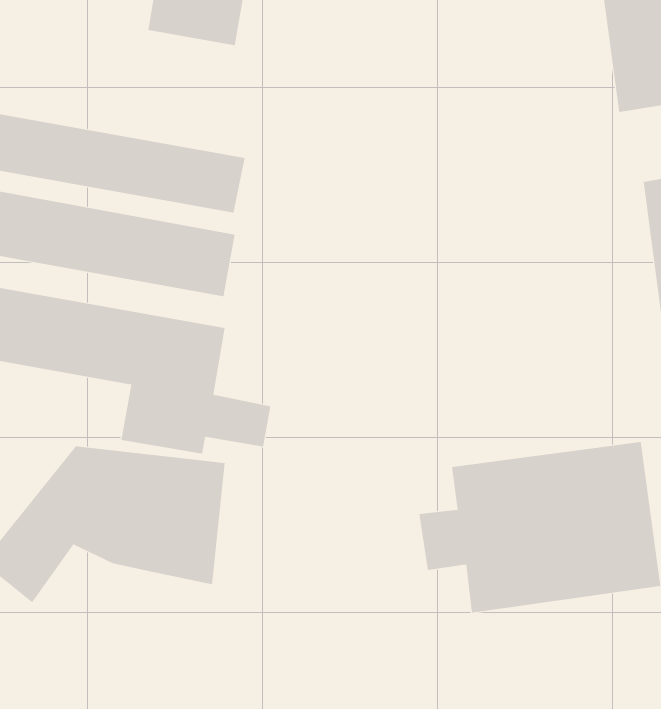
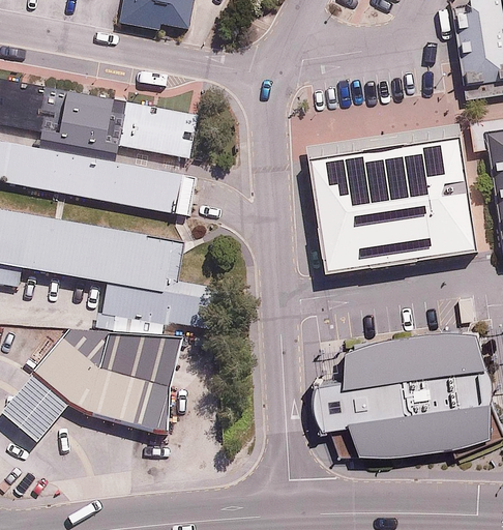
building: none -> [309,139,473,272]

